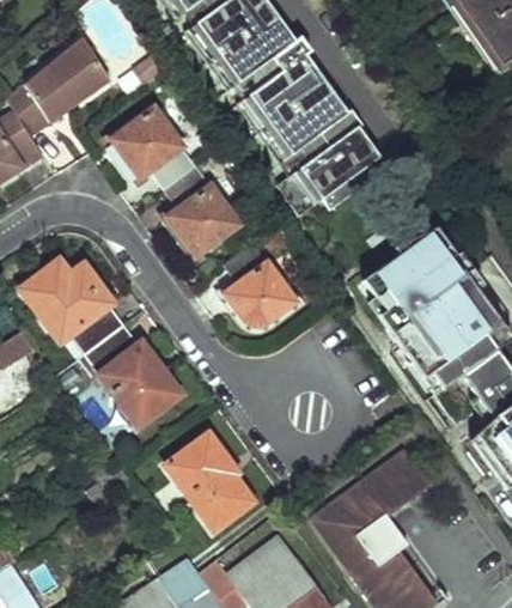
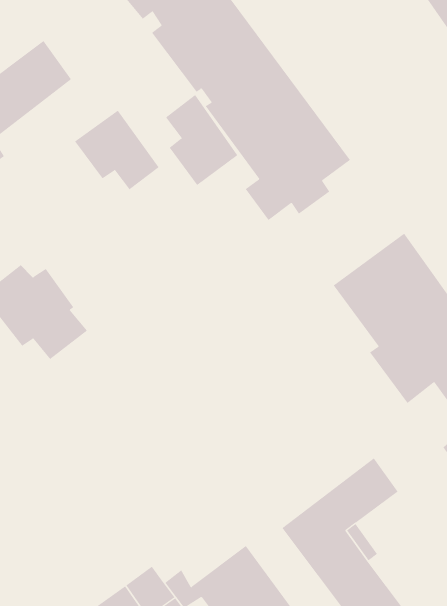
building: [165,164,237,254] -> [165,94,238,186]
building: [224,242,293,324] -> none
building: [77,324,183,432] -> none
building: [167,434,254,529] -> none

